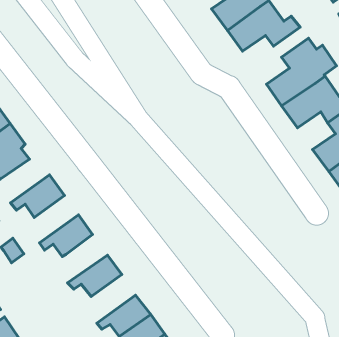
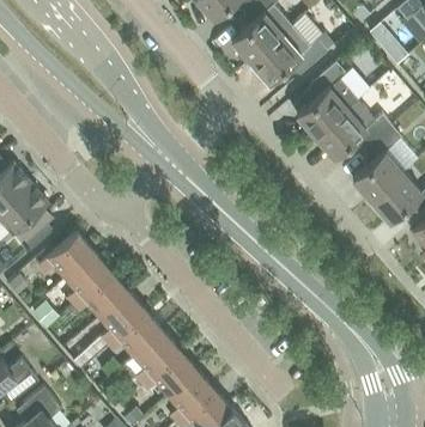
building: none -> [65,252,111,305]
building: none -> [98,291,146,344]
building: none -> [133,330,180,384]

